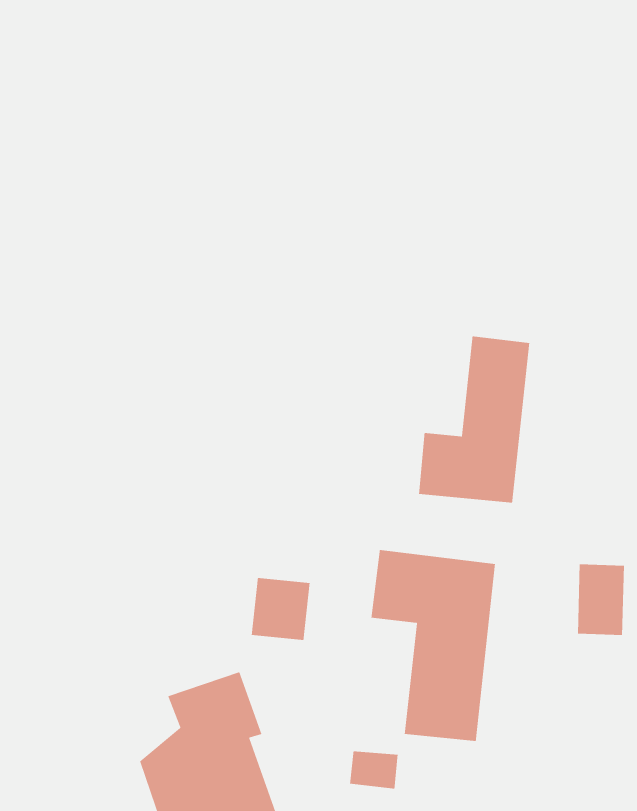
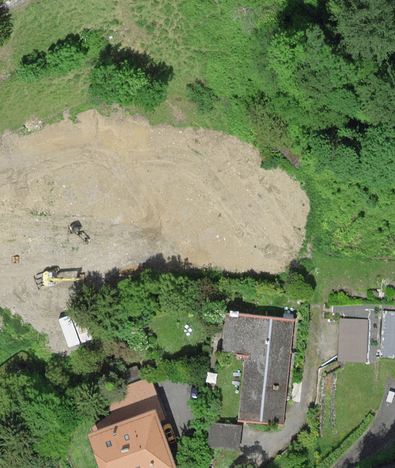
building: [418,336,530,504] -> none
building: [251,577,310,641] -> none

